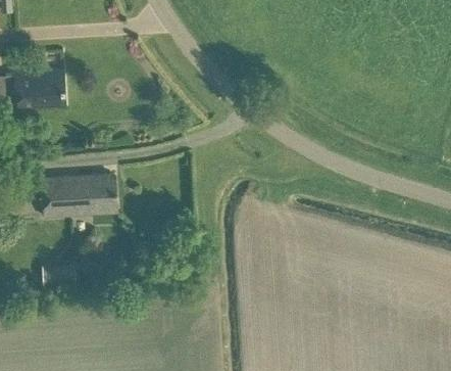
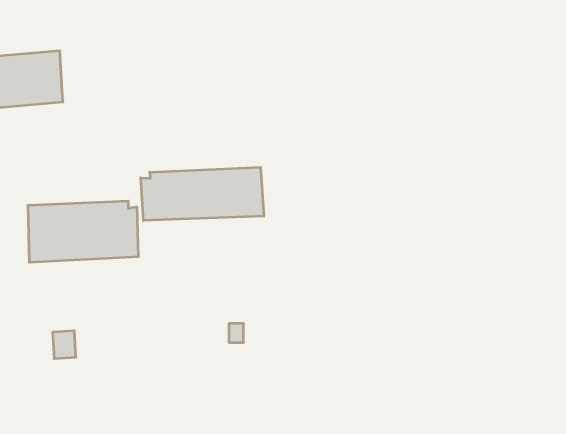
building: none -> [141,167,264,221]

